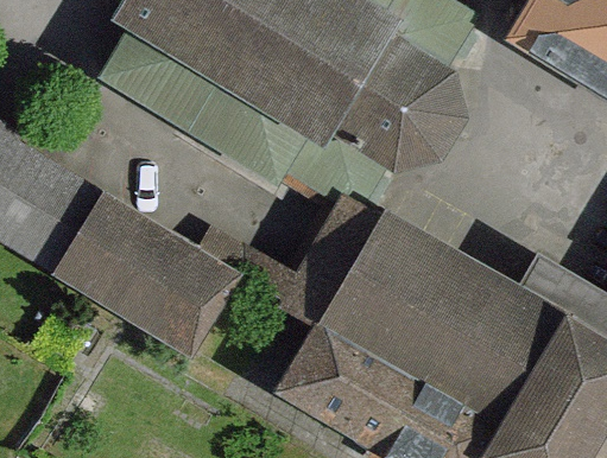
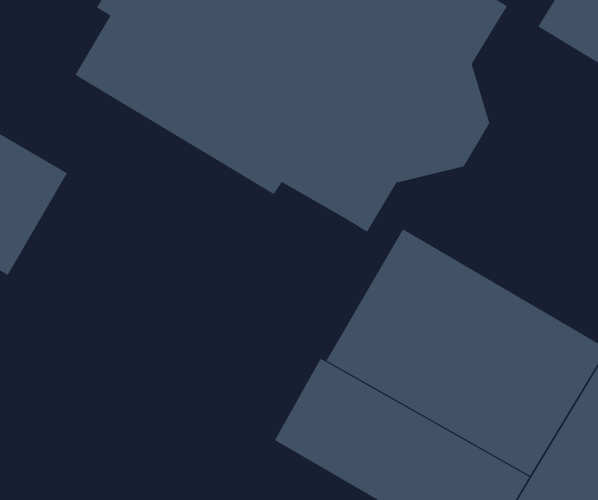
building: [59,182,249,345] -> none

